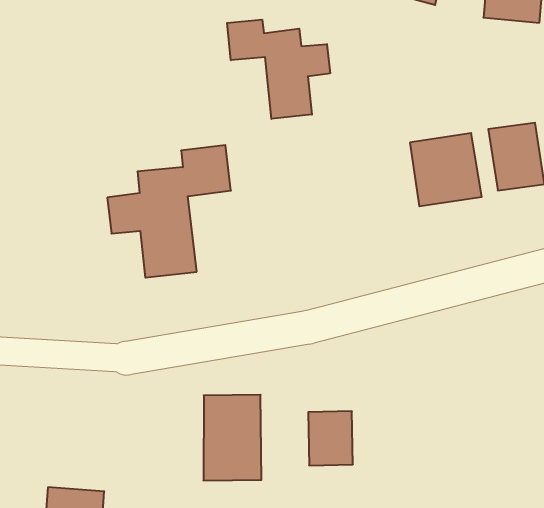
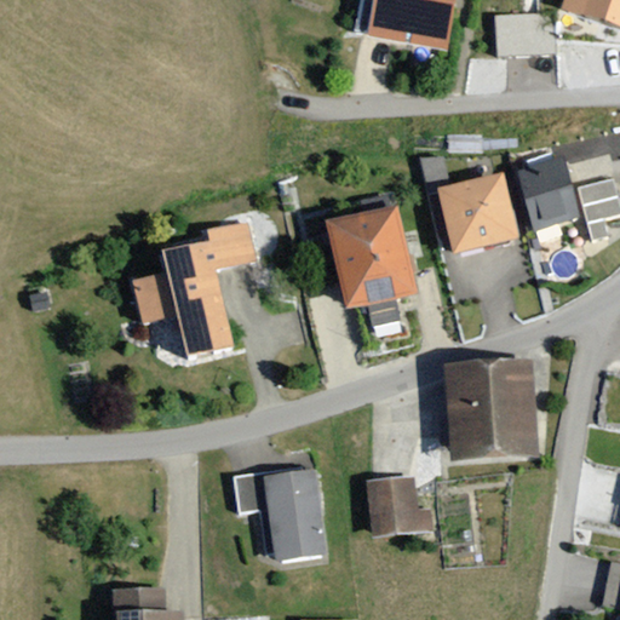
building: [227,20,330,119] -> none
building: none -> [322,206,418,321]
building: none -> [443,358,536,459]

